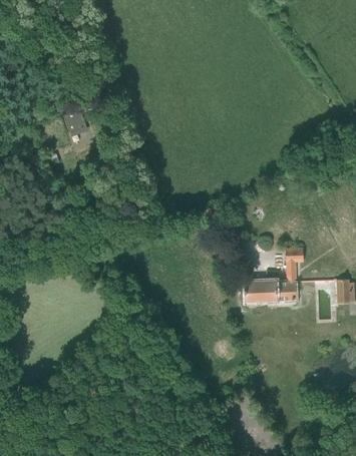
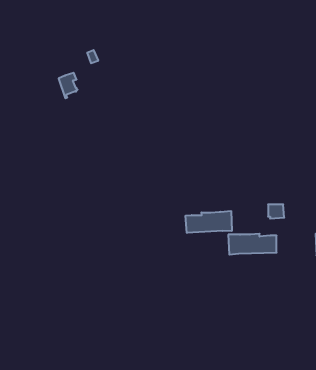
building: none -> [186,211,232,233]

